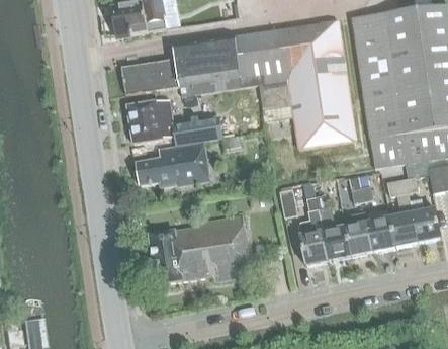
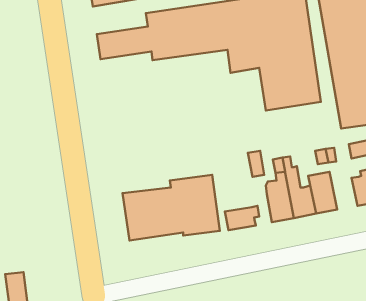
building: [126,99,221,143] -> none
building: [136,143,208,185] -> none
building: [367,217,394,251] -> none
building: none -> [225,206,259,230]

